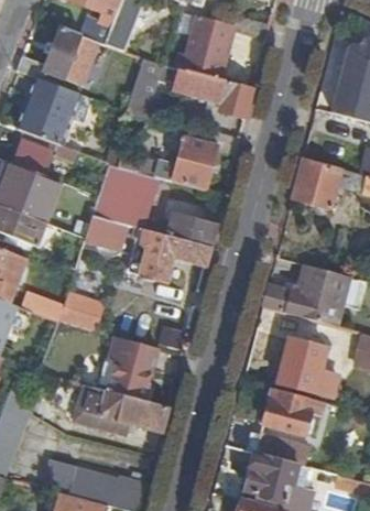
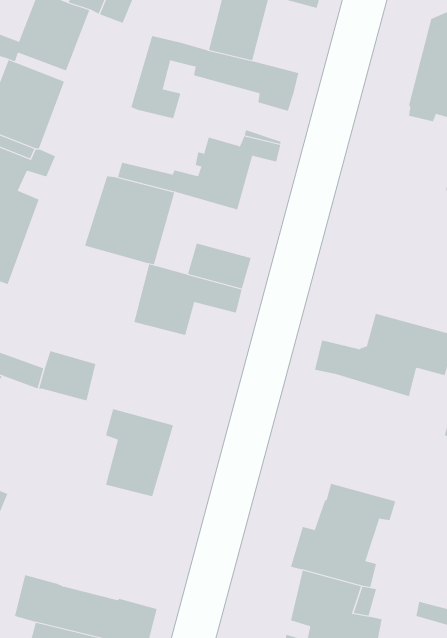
building: [291,159,341,208] -> none
building: [84,215,128,250] -> none
building: [279,340,340,396] -> none
building: [74,384,167,433] -> none

